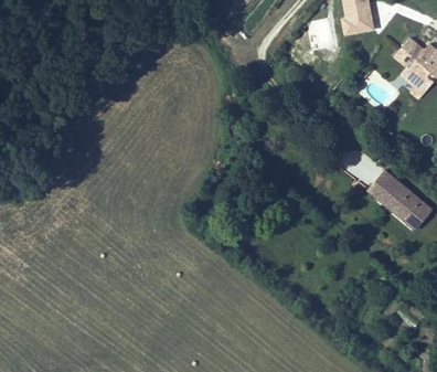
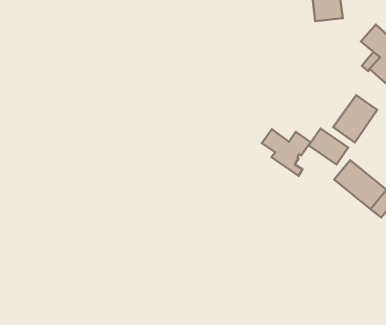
building: none -> [333,95,377,142]
building: none -> [262,129,310,176]

